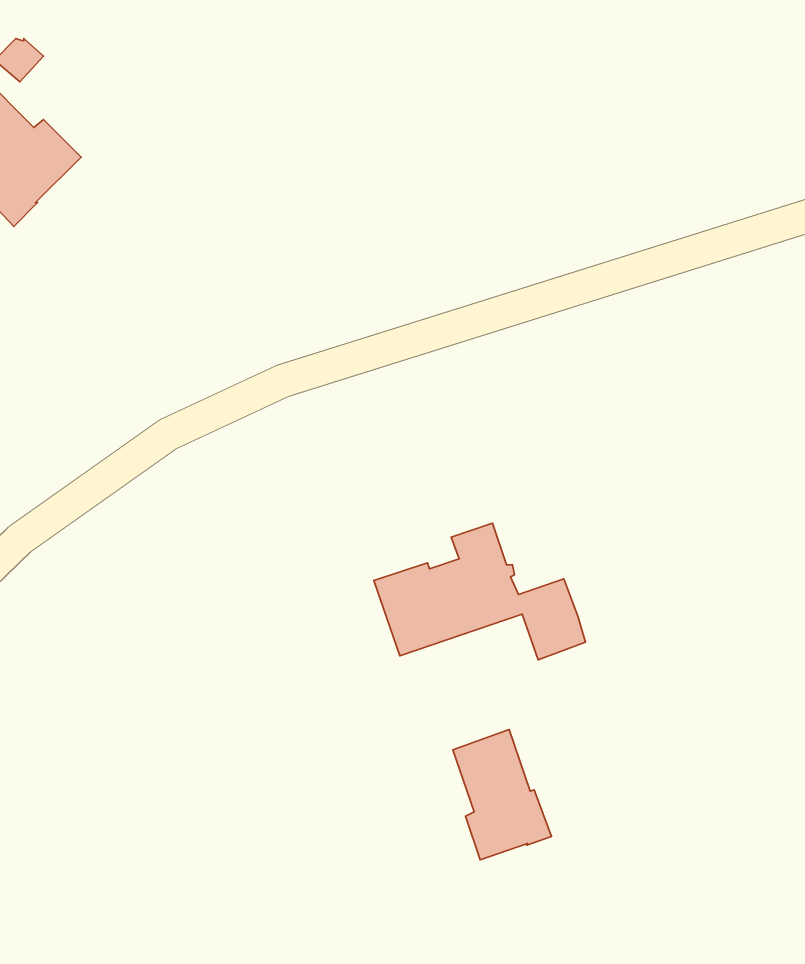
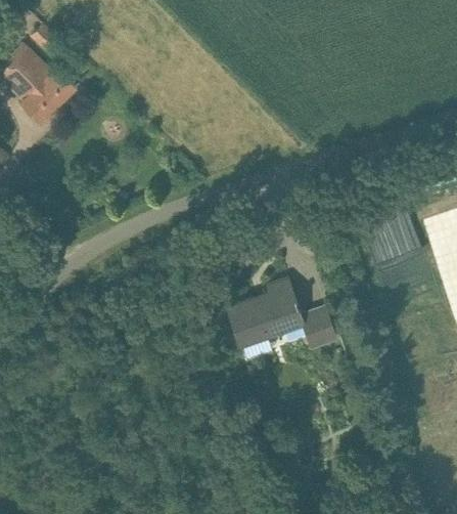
building: [453,729,551,860] -> none

